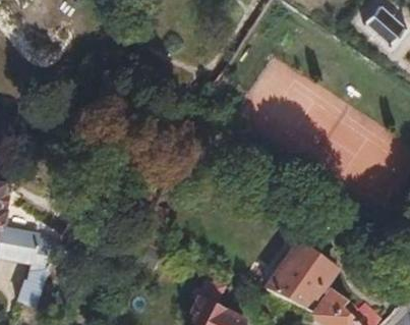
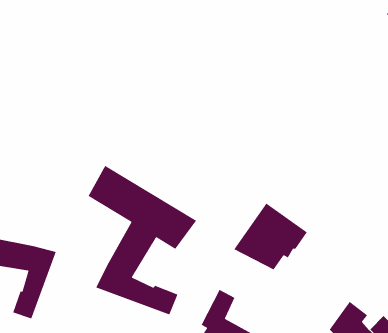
building: none -> [88,165,197,316]
building: [267,243,336,307] -> [233,202,308,270]

